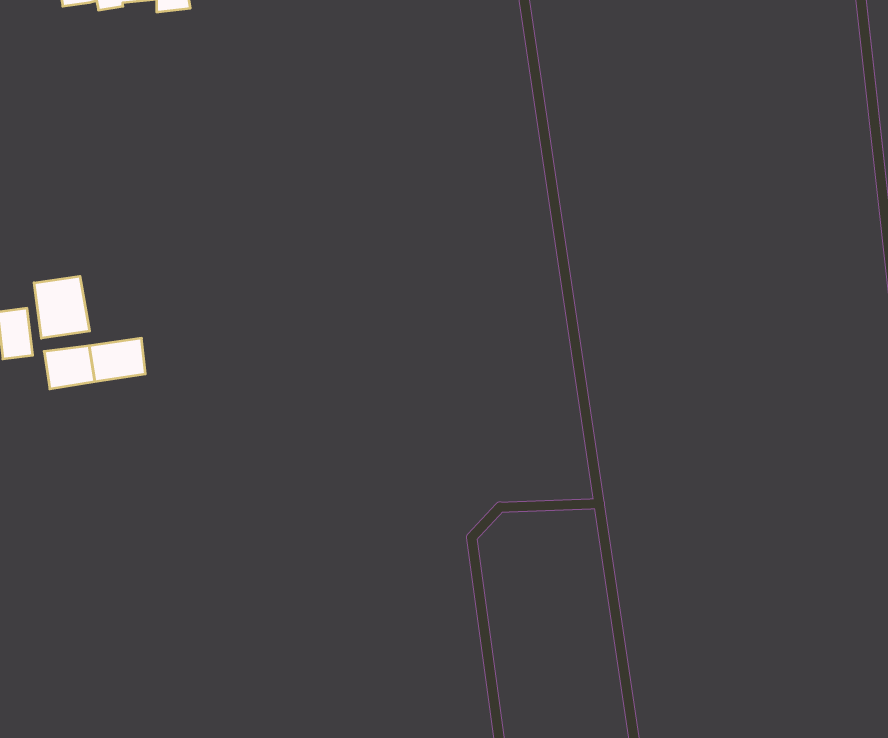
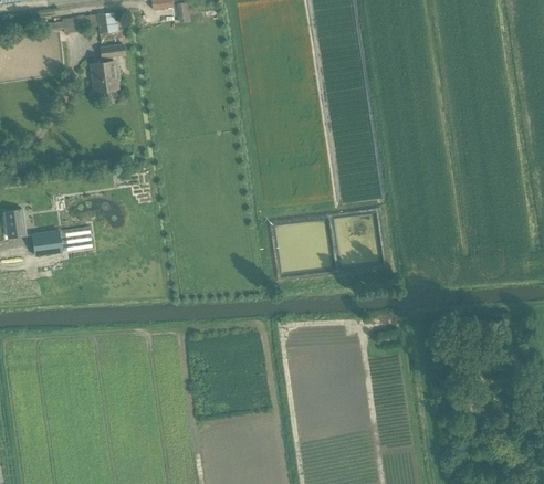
building: none -> [90,43,124,91]
building: [34,276,90,338] -> none

